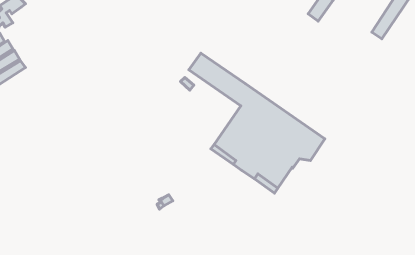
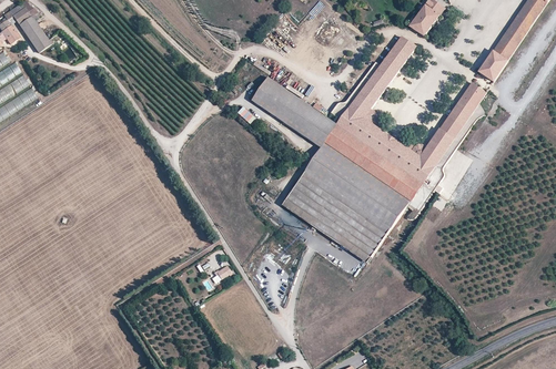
building: none -> [18,17,50,53]
building: none -> [326,37,484,191]
building: none -> [478,50,507,81]

